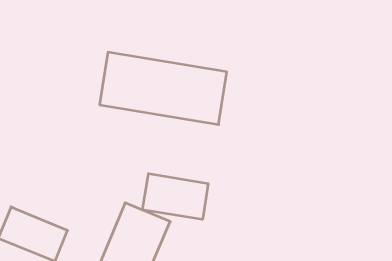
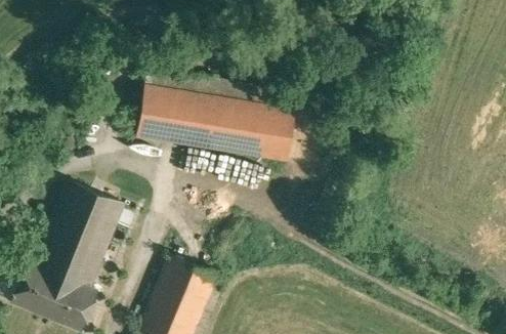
building: none -> [33,184,124,291]
building: [142,174,208,219] -> none

